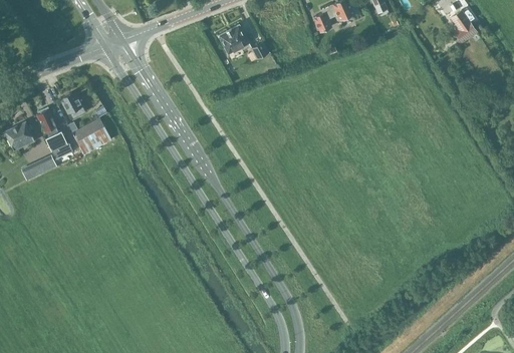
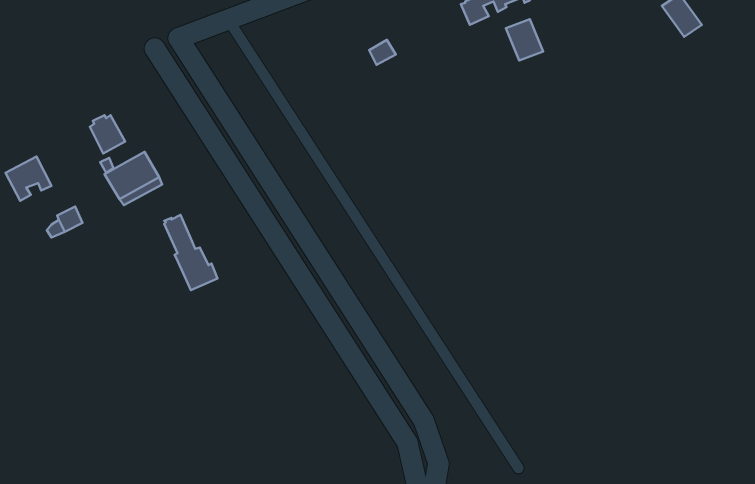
building: [218,24,249,54] -> none
building: none -> [506,19,543,61]
building: [37,108,73,159] -> [164,215,217,290]

